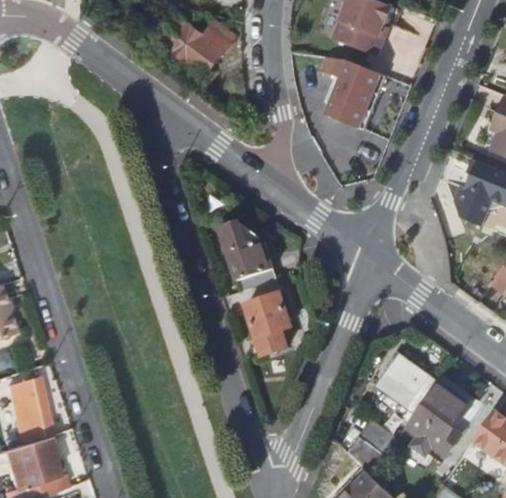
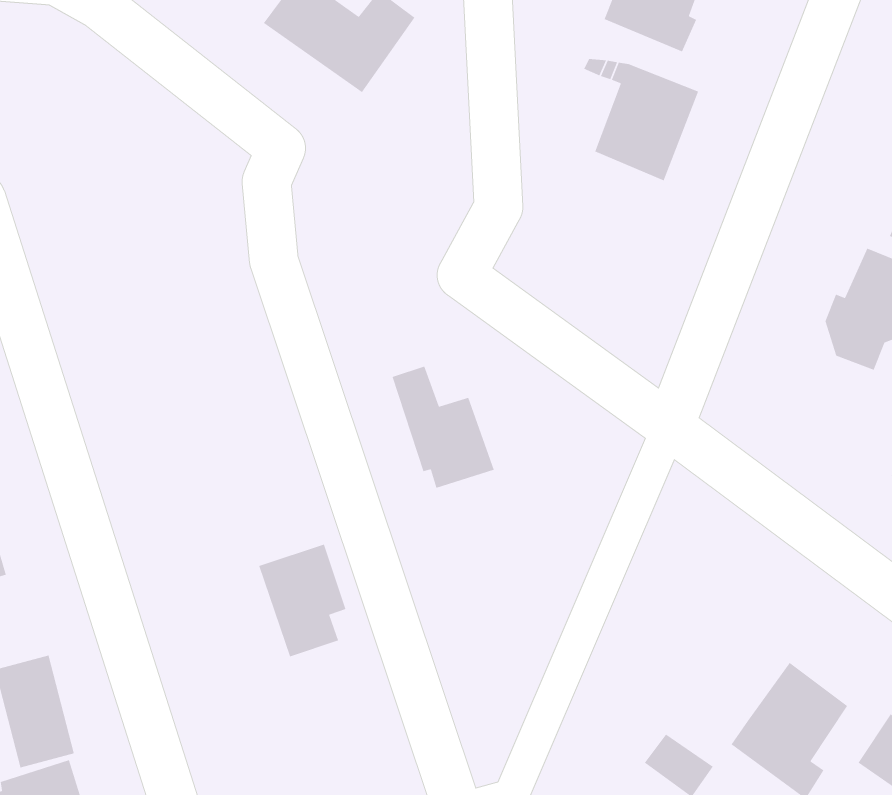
building: [244,293,292,355] -> [258,543,347,657]
building: [376,358,436,416] -> none

